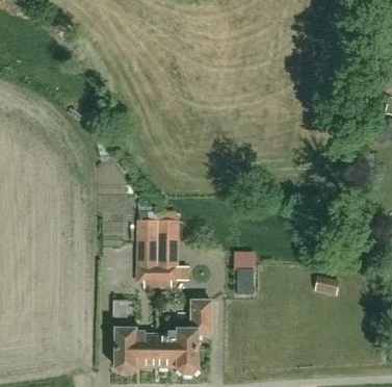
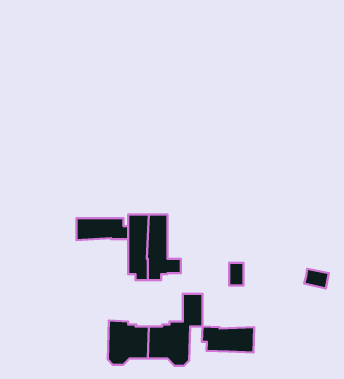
building: none -> [76,218,128,240]
building: none -> [202,327,254,352]

